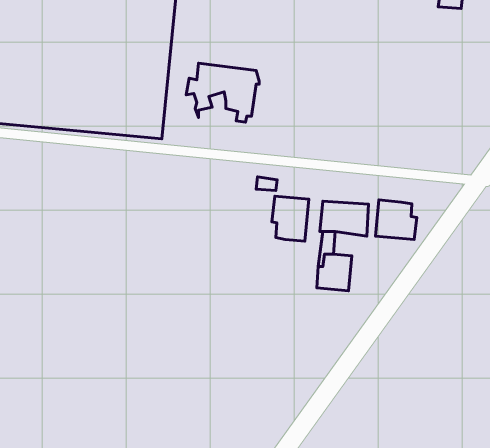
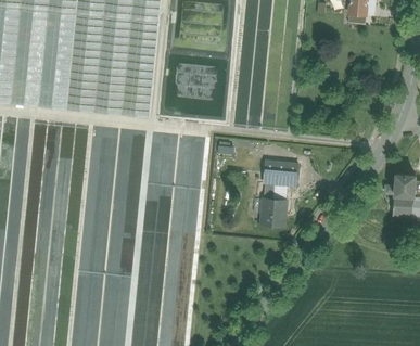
building: [272,196,309,241] -> none
building: [375,200,417,240] -> none

